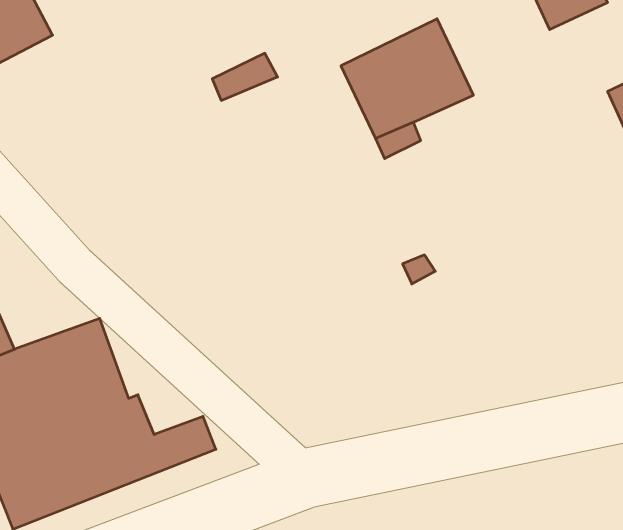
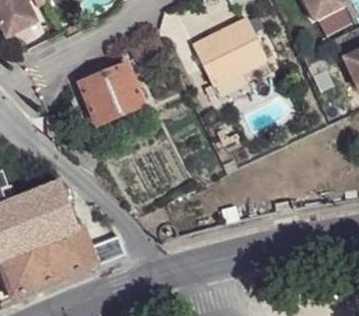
building: none -> [80,61,144,120]

